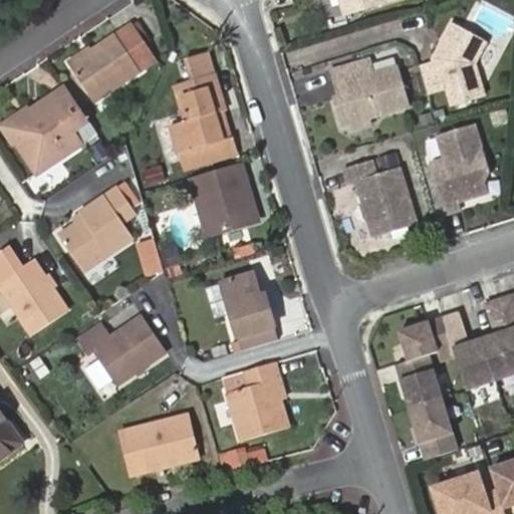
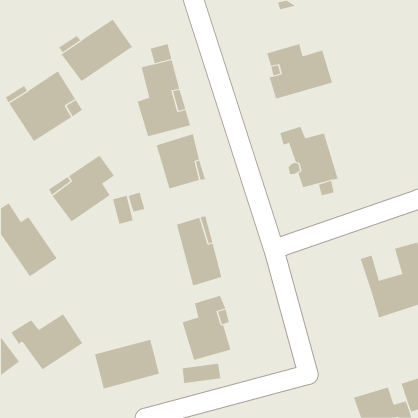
building: [419,15,486,98] -> none
building: [429,123,487,210] -> none
building: [76,316,166,386] -> [10,314,83,370]
building: [396,317,455,459] -> none

